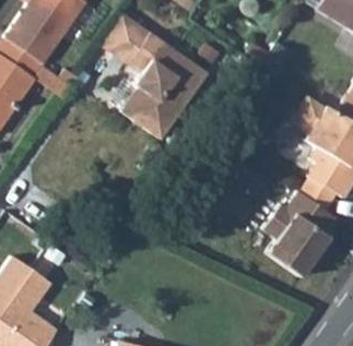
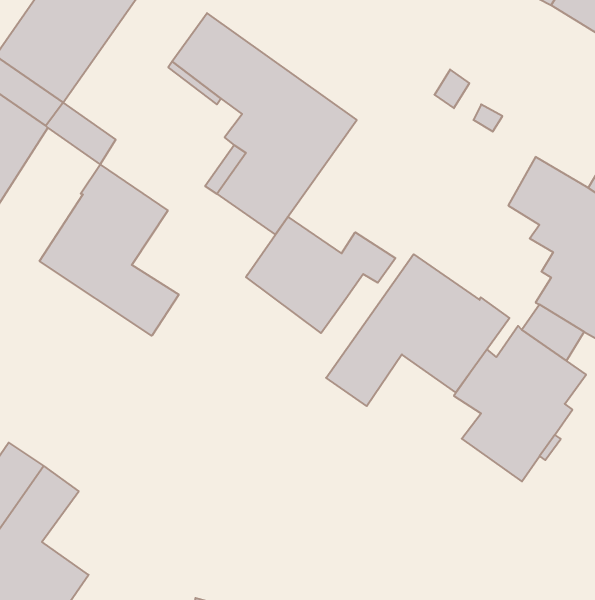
building: none -> [40,165,179,336]
building: none -> [246,217,395,333]
building: none -> [326,254,509,406]

